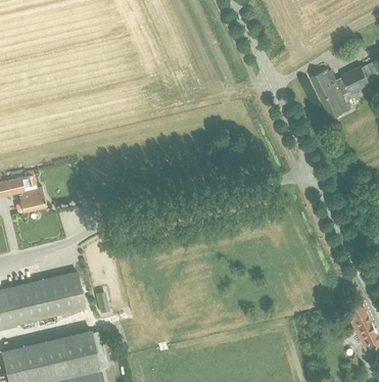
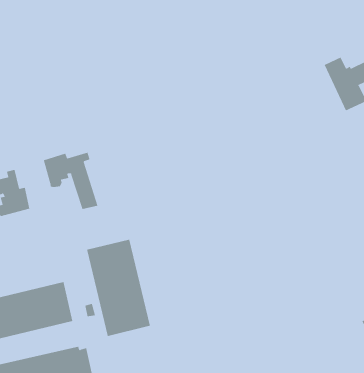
building: none -> [43,152,98,210]
building: none -> [87,239,151,337]

